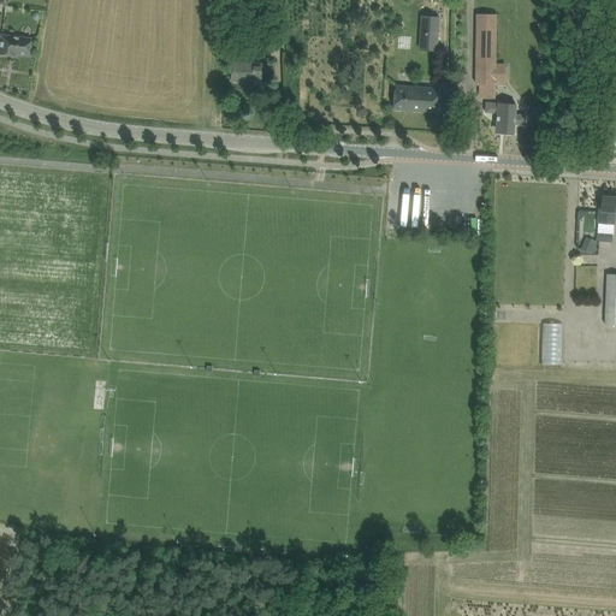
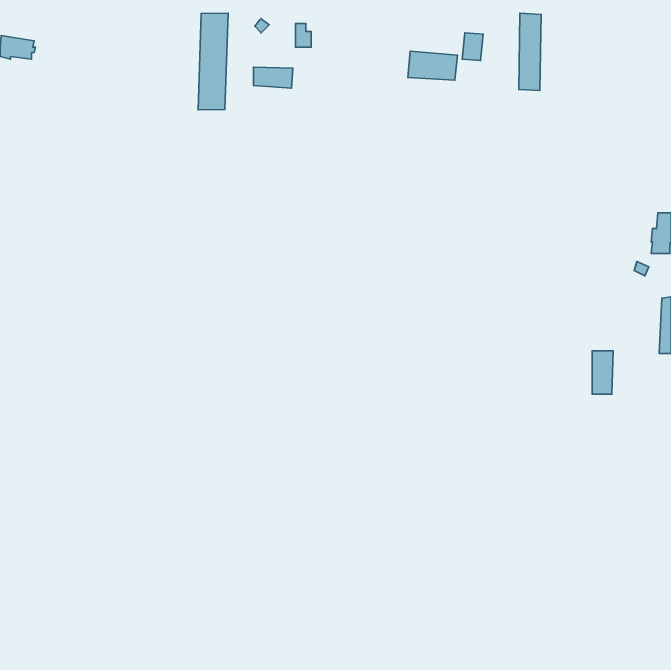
building: none -> [198,13,228,110]
building: [393,84,439,111] -> [408,51,458,80]
building: [485,101,516,132] -> none

